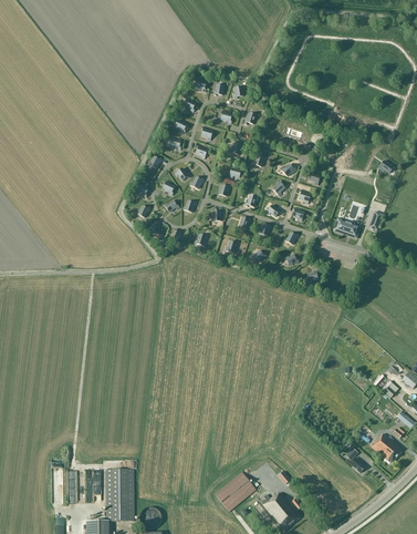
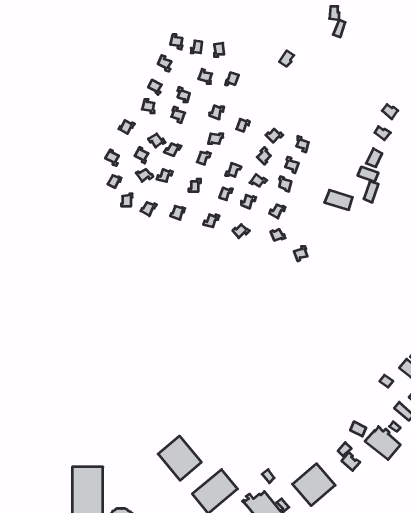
building: none -> [158,436,201,480]
building: none -> [292,464,335,506]

